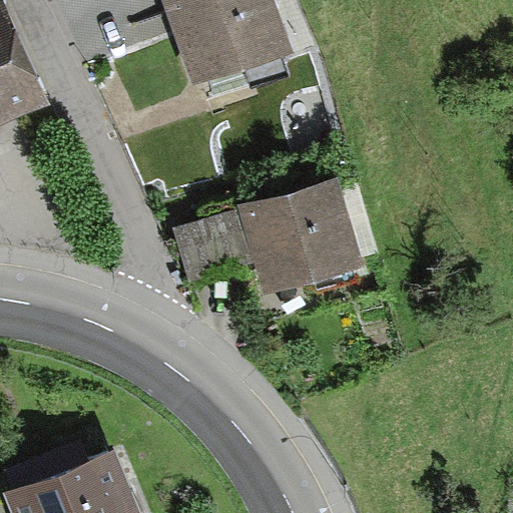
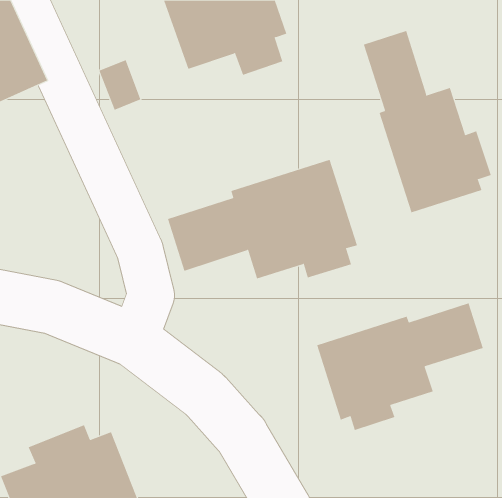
building: none -> [363,30,491,213]
building: none -> [316,303,483,431]

